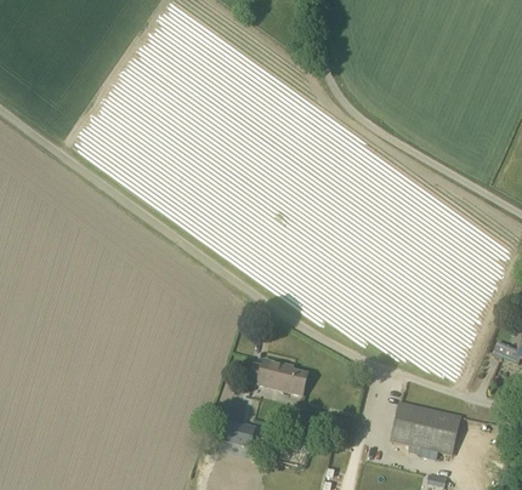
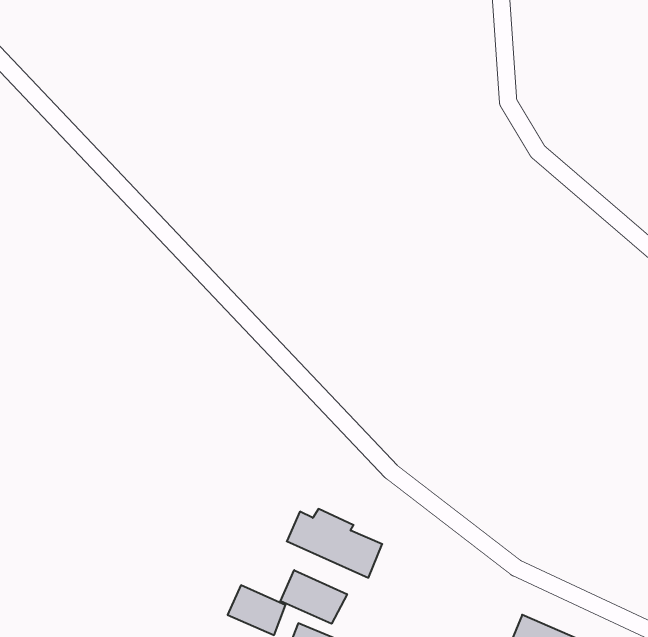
building: none -> [280,570,347,624]

